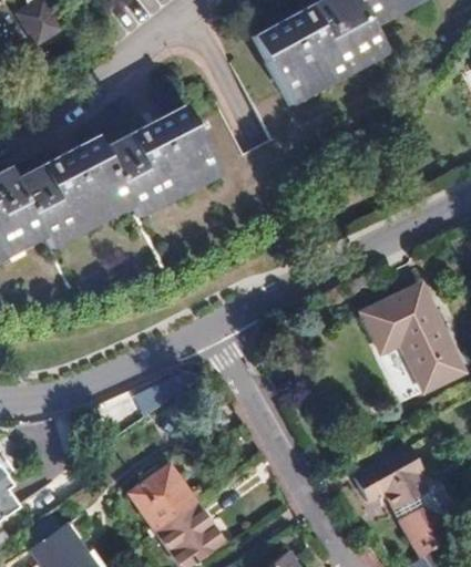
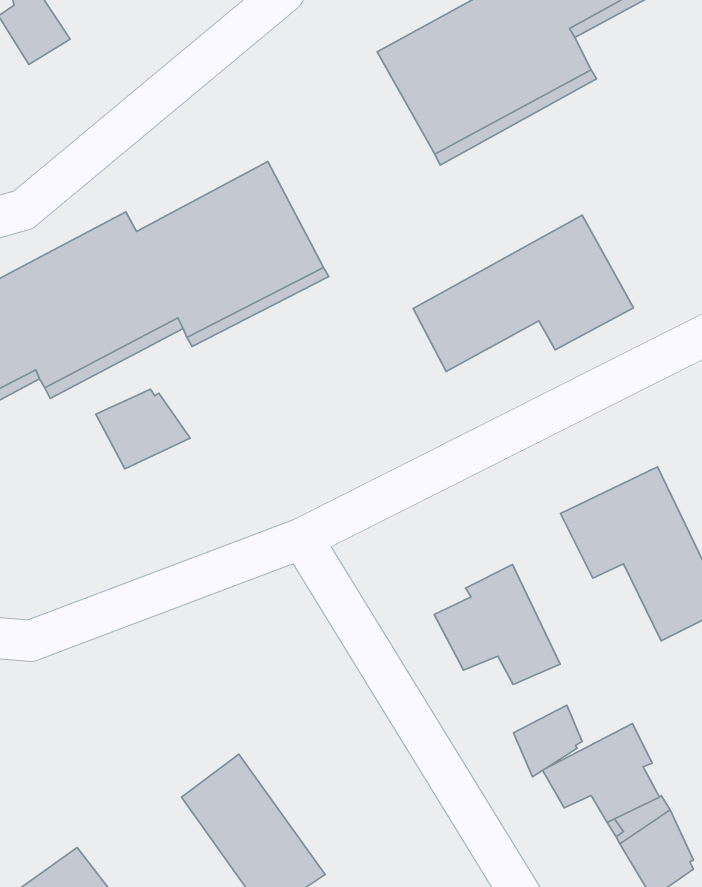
building: none -> [413,215,633,371]
building: none -> [96,389,190,469]
building: none -> [434,565,560,685]
building: none -> [513,705,582,777]

